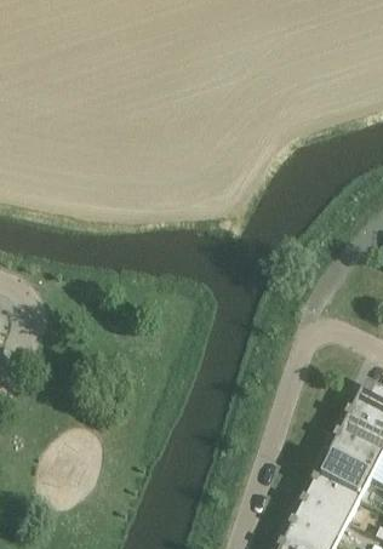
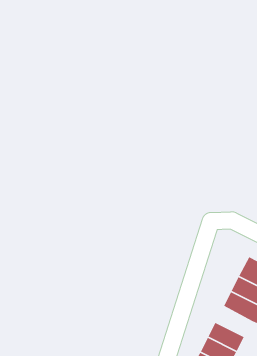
building: [316,453,371,498] -> none

